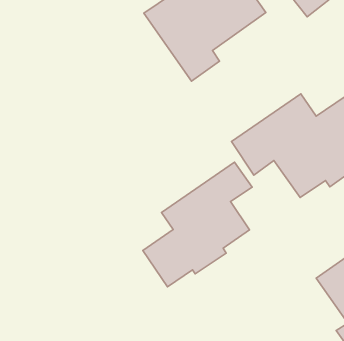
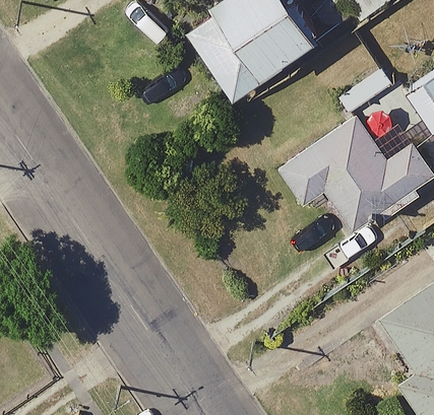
building: [143,162,252,287] -> none

